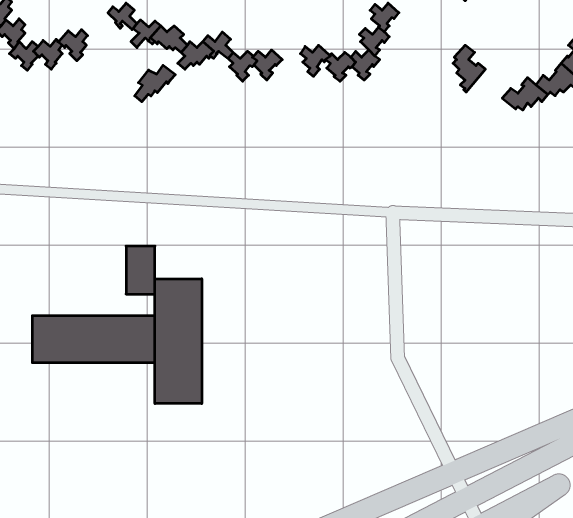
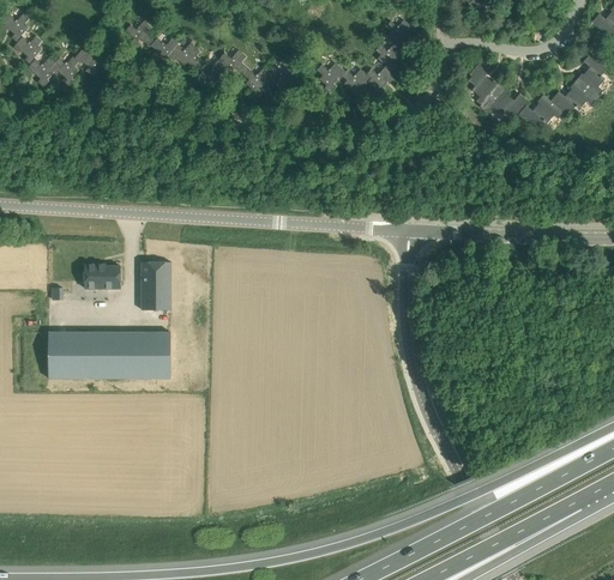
building: [135,65,175,102] -> none
building: none -> [481,85,529,116]
building: none -> [82,264,120,288]
building: [155,279,202,404] -> none

